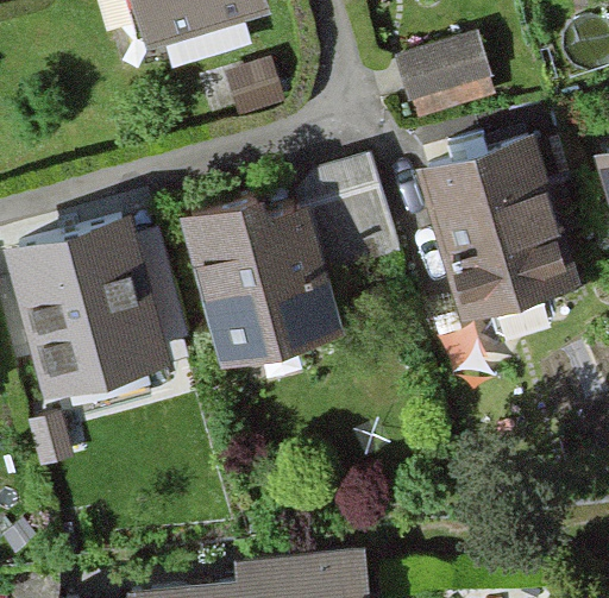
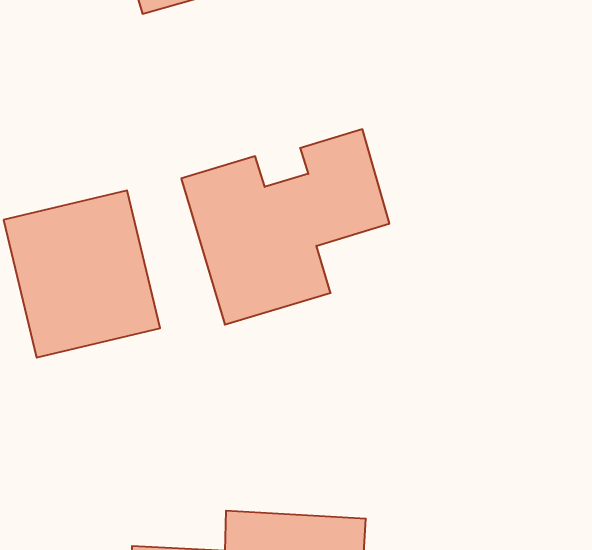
building: [400,42,497,128] -> none
building: [423,127,579,304] -> none

